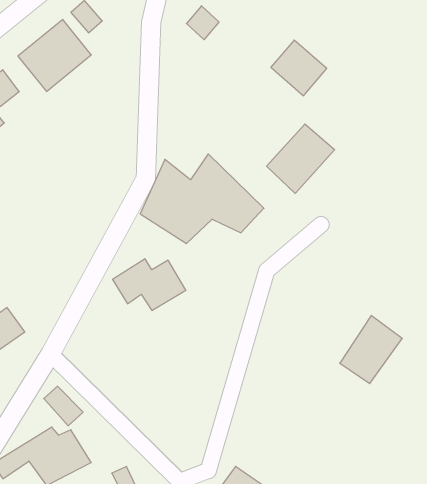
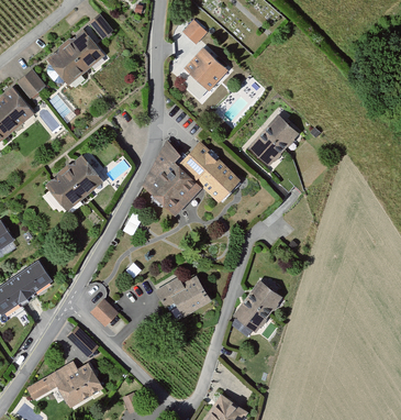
building: [271,40,327,96] -> [183,47,229,92]
building: none -> [45,155,103,211]
building: [113,259,186,311] -> [152,275,211,317]
building: [340,316,402,384] -> [233,278,283,333]
building: none -> [89,297,119,327]

